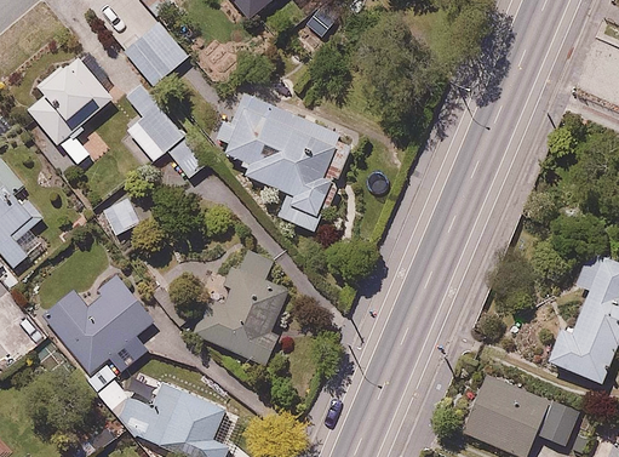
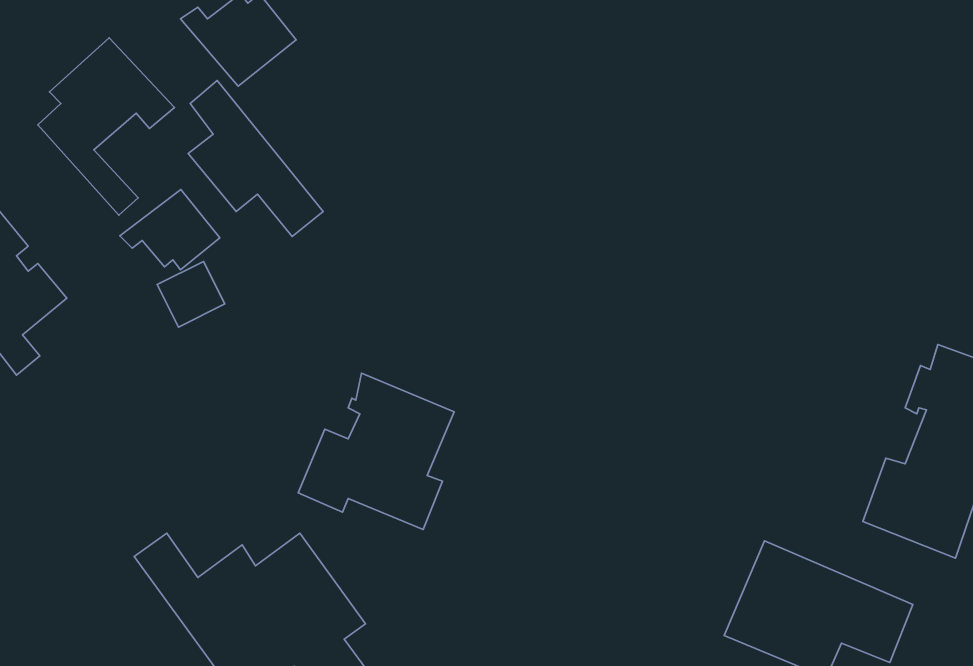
building: [206,90,353,234] -> none
building: none -> [120,190,220,270]
building: [44,276,154,375] -> none

